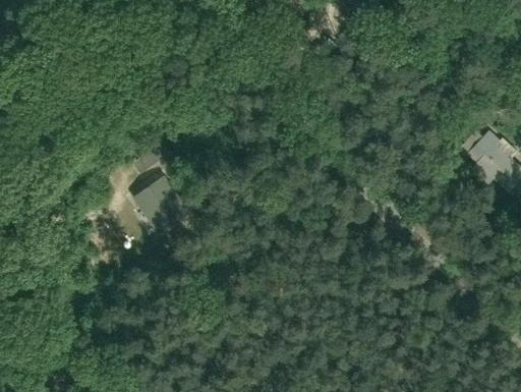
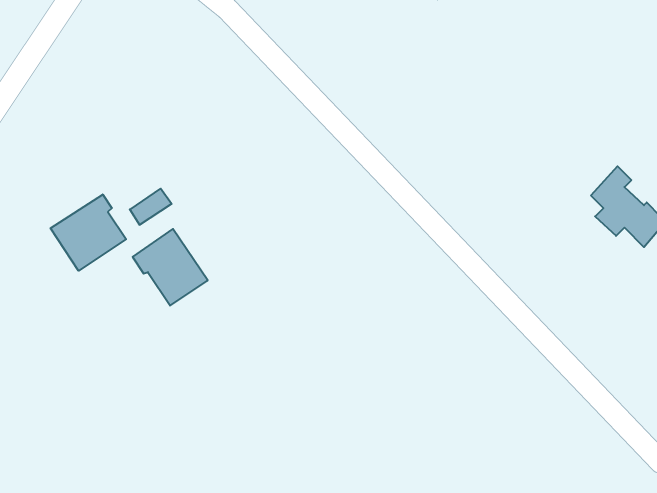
building: none -> [51,194,126,271]

